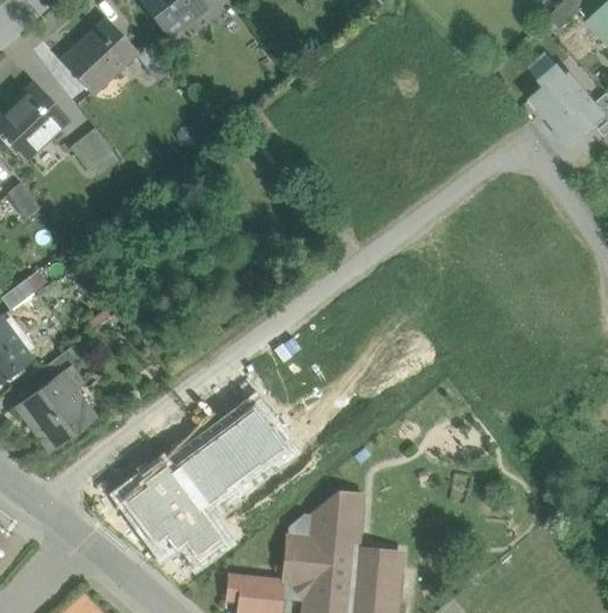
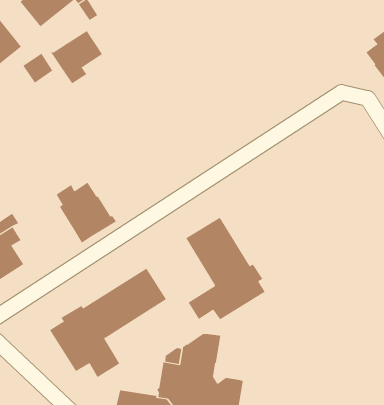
building: none -> [51,30,103,84]
building: none -> [56,182,117,244]
building: none -> [186,217,265,320]

